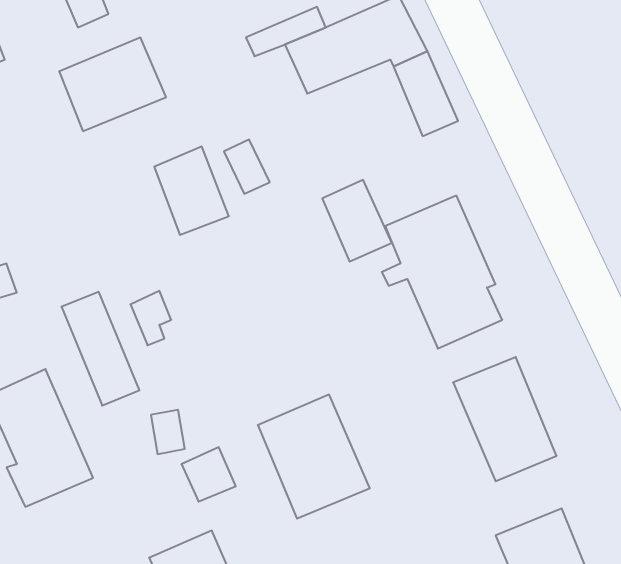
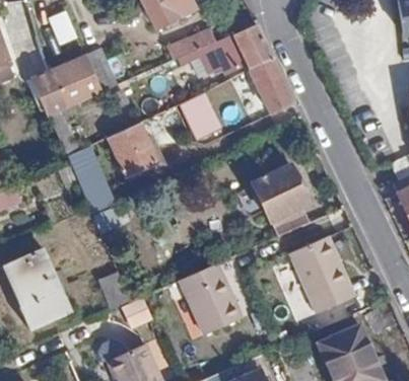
building: none -> [25,71,67,118]
building: [322,180,392,261] -> [180,87,221,136]
building: [61,292,139,406] -> [68,139,115,207]

